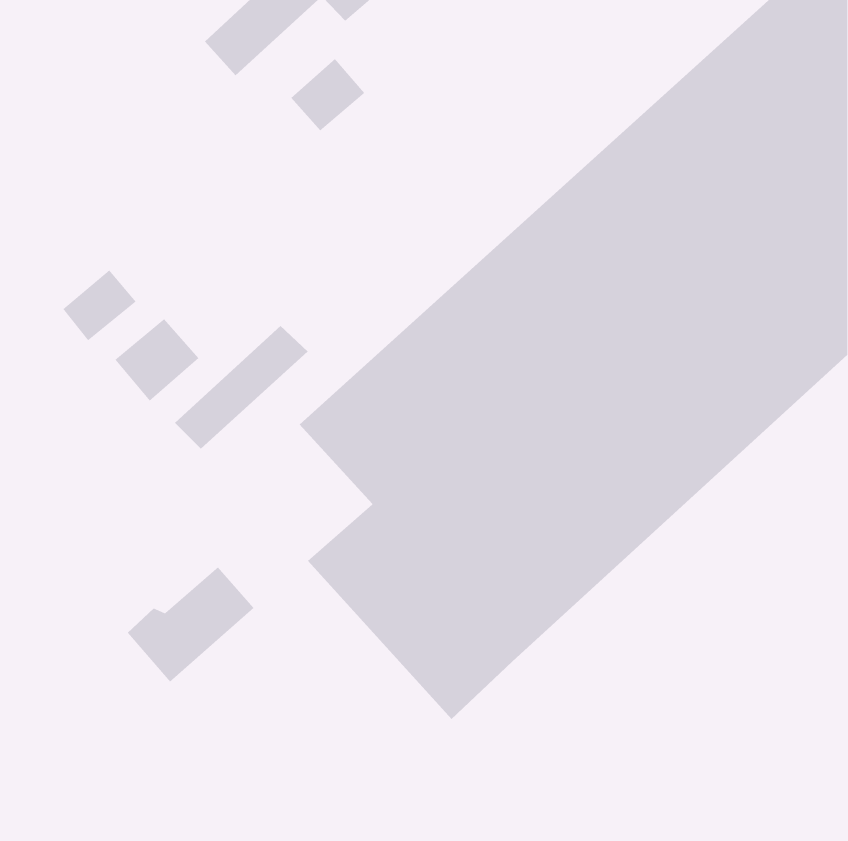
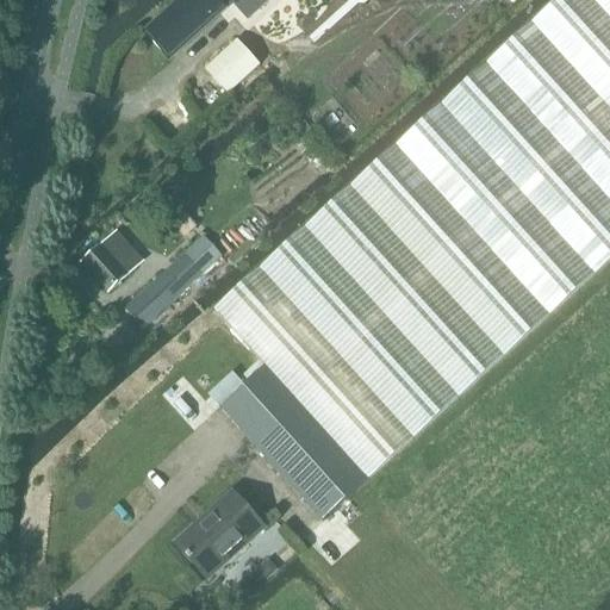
building: [62,269,136,341] -> none
building: [127,566,255,682] -> [175,492,267,575]

